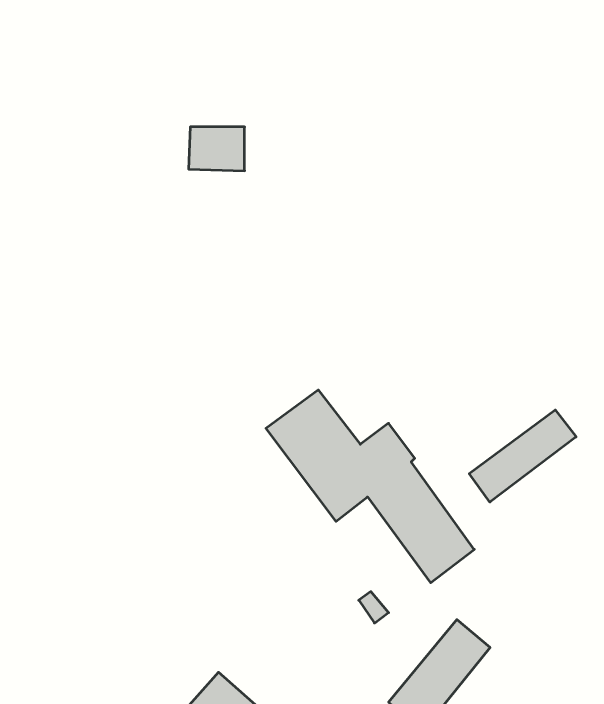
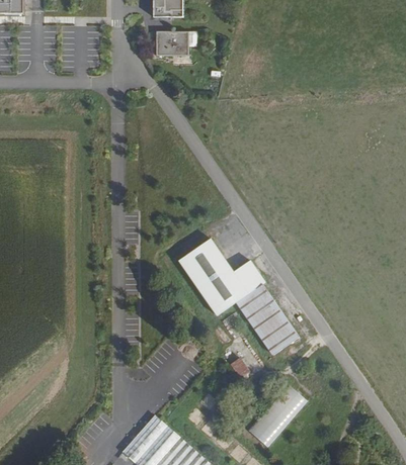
building: [189,127,245,171] -> [153,35,185,61]
building: [469,410,576,502] -> none

